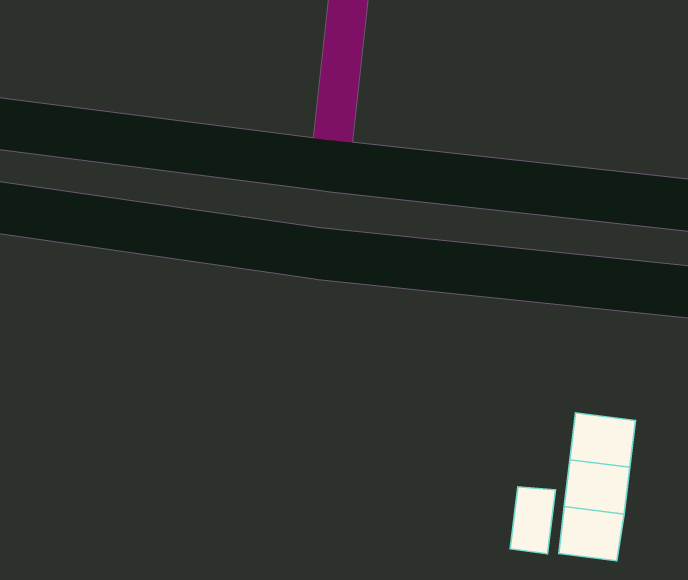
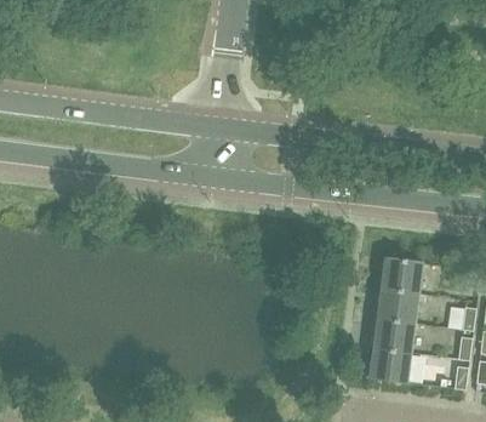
building: none -> [381,256,423,291]
building: [510,487,555,554] -> none

